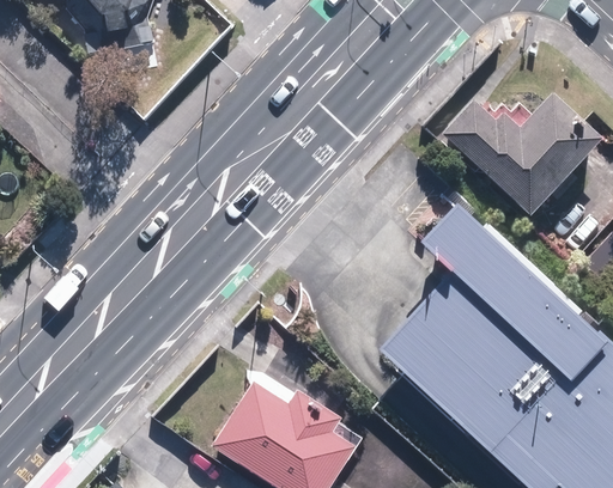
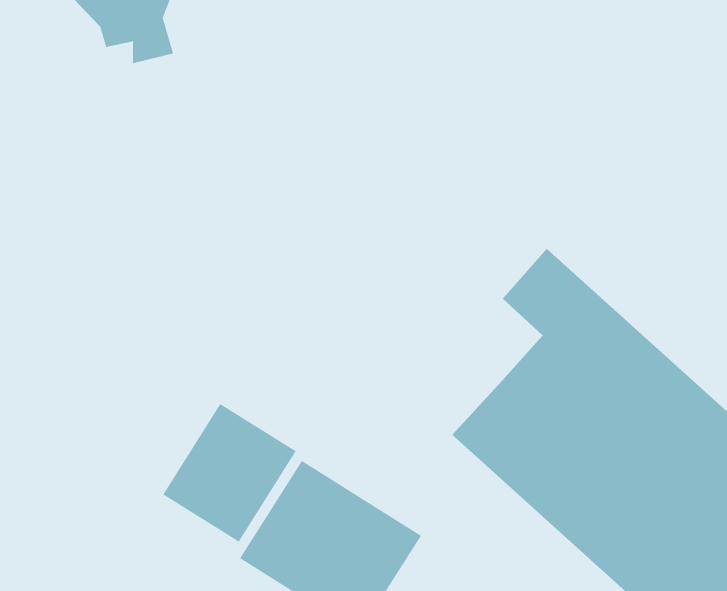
building: [441,92,597,216] -> none
building: none -> [162,403,297,543]

